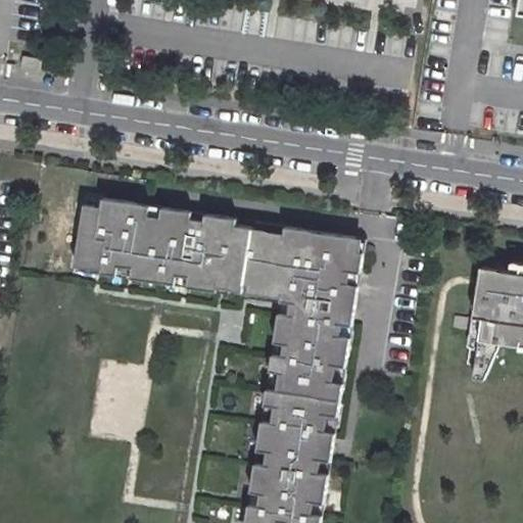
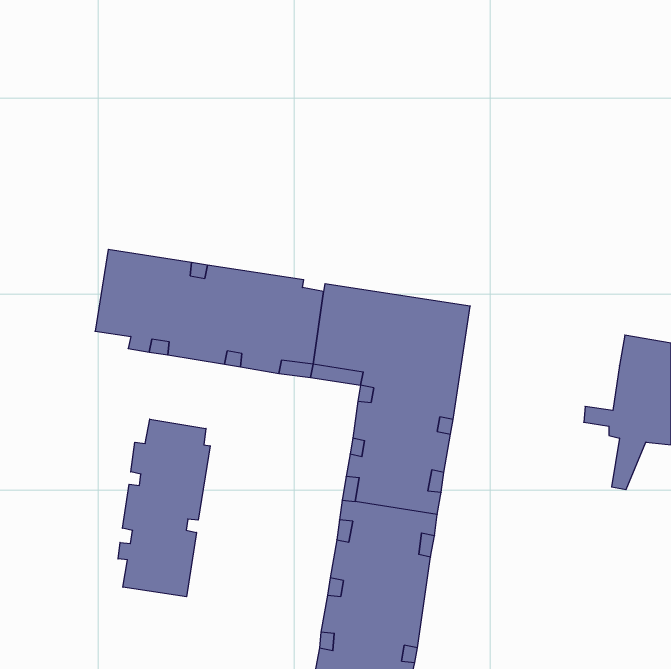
building: none -> [118,419,210,597]

